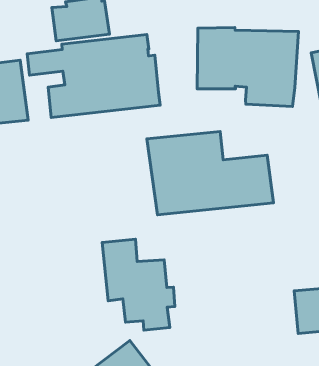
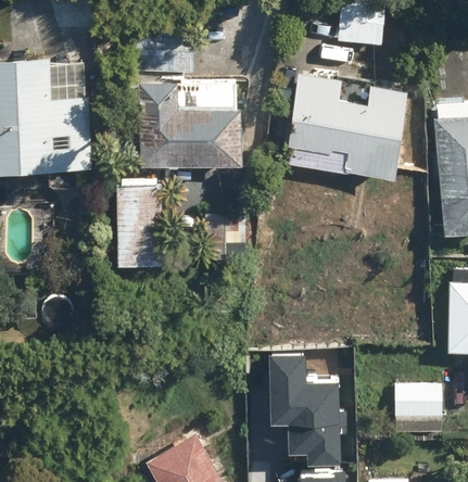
building: none -> [116,186,166,268]
building: [147,132,274,215] -> none
building: [102,239,175,330] -> [262,360,341,467]

